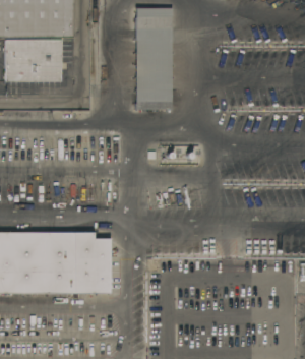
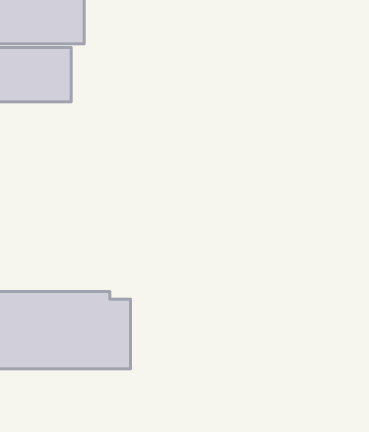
building: [135,6,171,109] -> none

